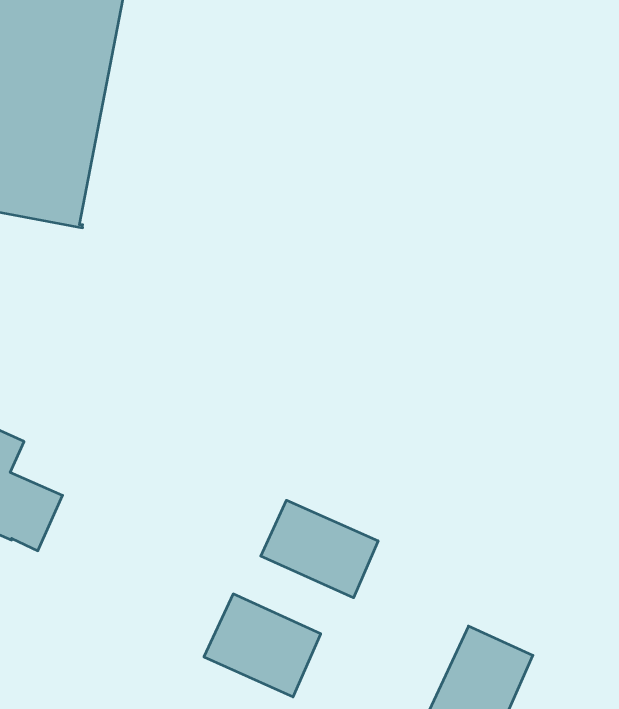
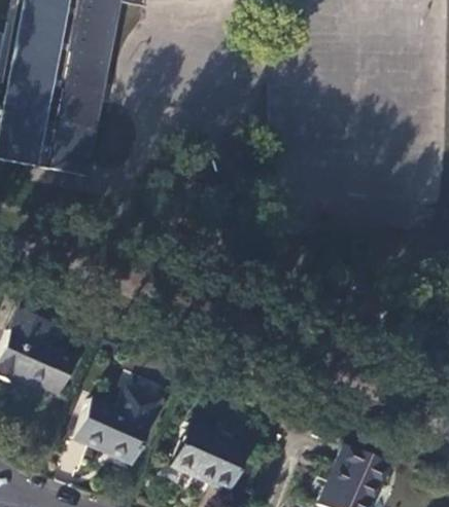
building: [261,500,378,598] -> none
building: none -> [72,389,157,460]

